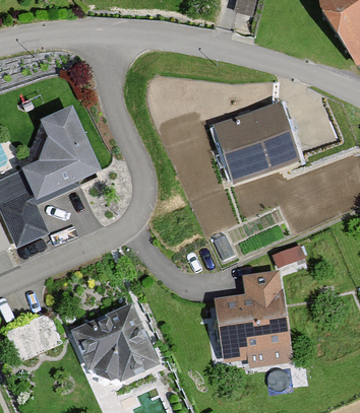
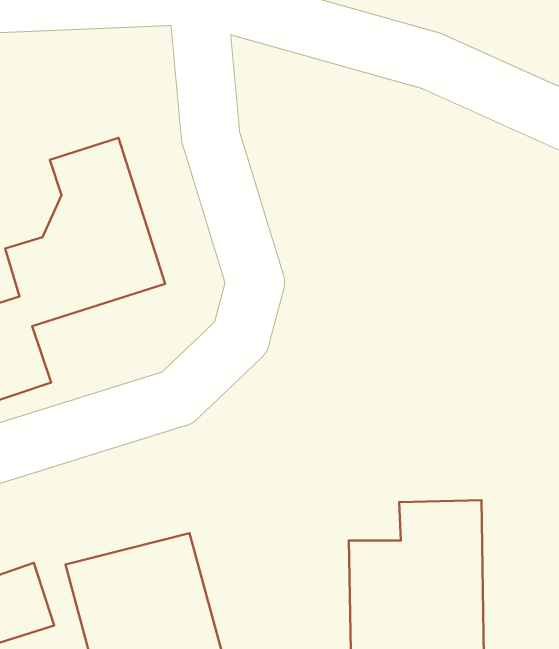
building: [208,97,299,186] -> none

